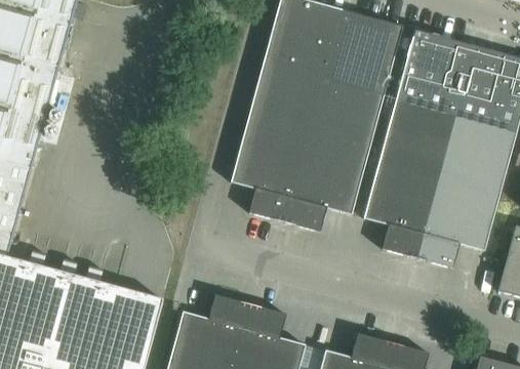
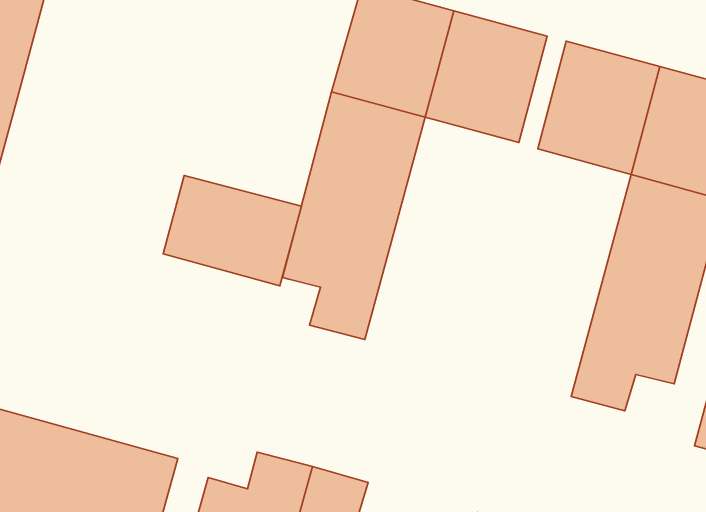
building: [284,78,384,232] -> none
building: [363,98,456,258] -> none
building: none -> [163,176,301,286]

